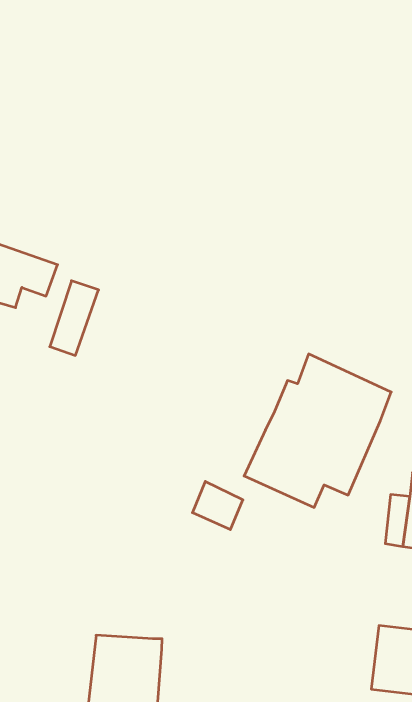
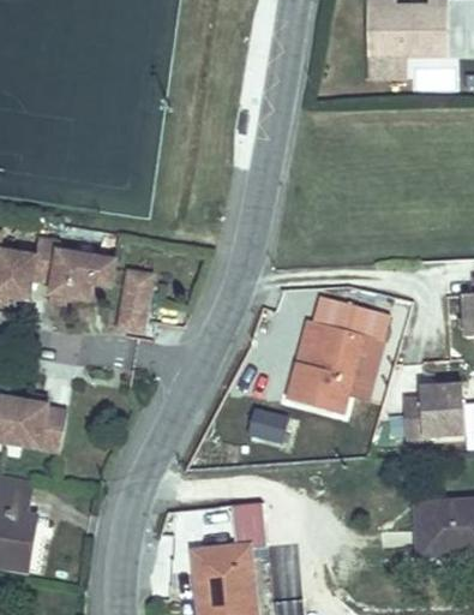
building: none -> [234,504,268,550]

